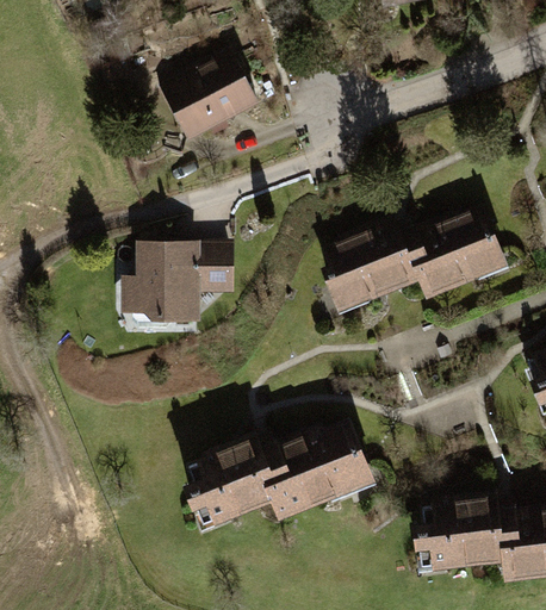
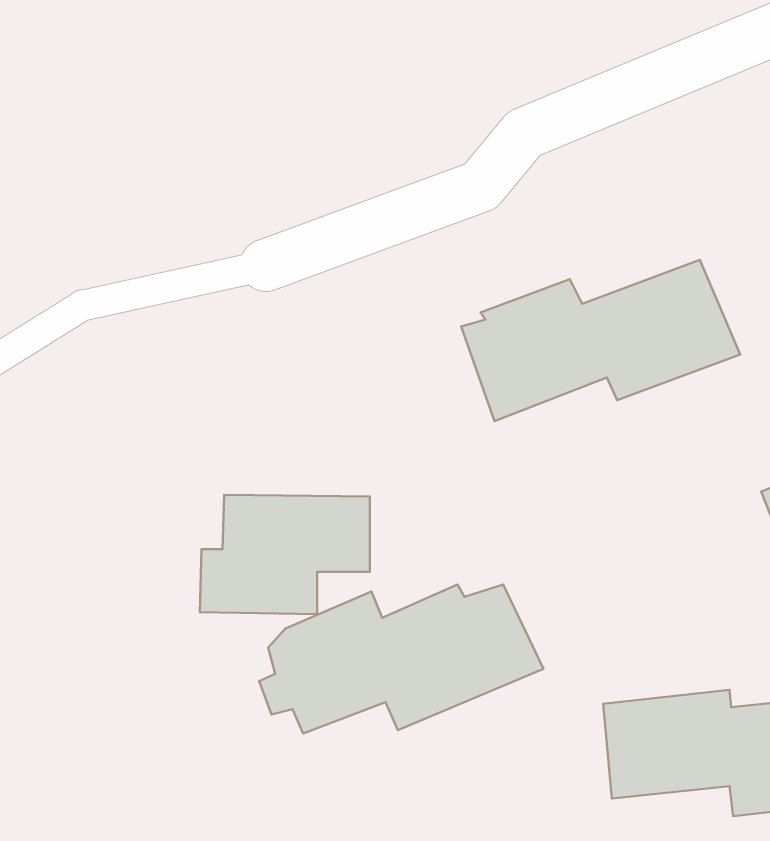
building: [160,49,259,139] -> none
building: [122,239,237,320] -> [200,495,370,614]

